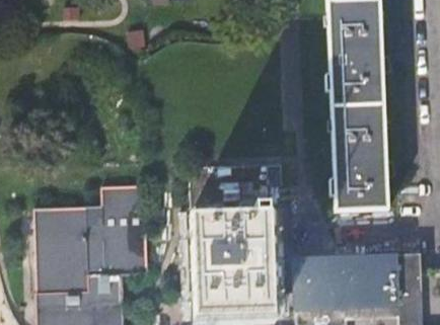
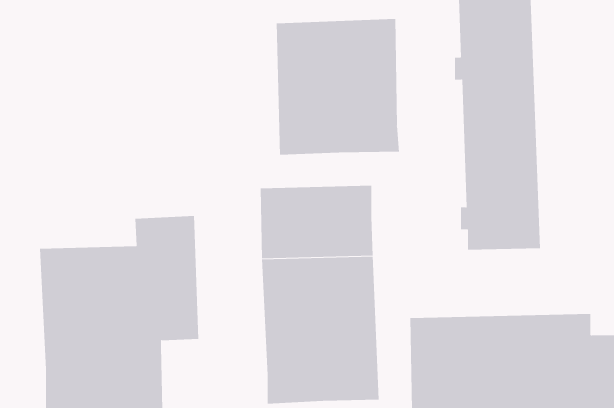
building: none -> [276,18,399,156]

